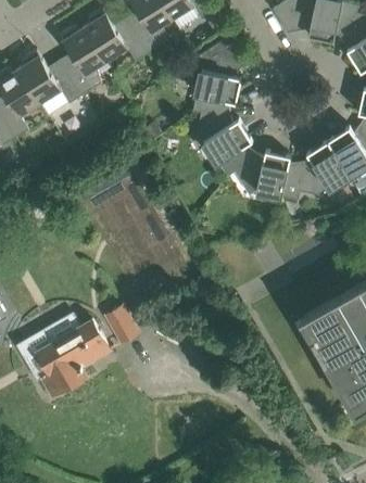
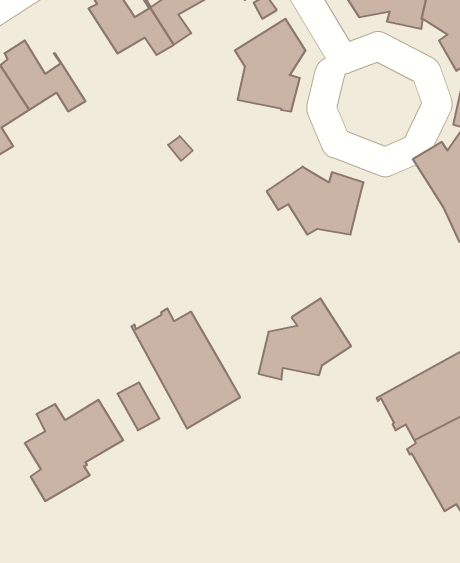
building: [59,26,105,97] -> none
building: [192,96,252,164] -> none
building: [280,140,350,201] -> [258,298,351,380]
building: none -> [131,308,240,429]

